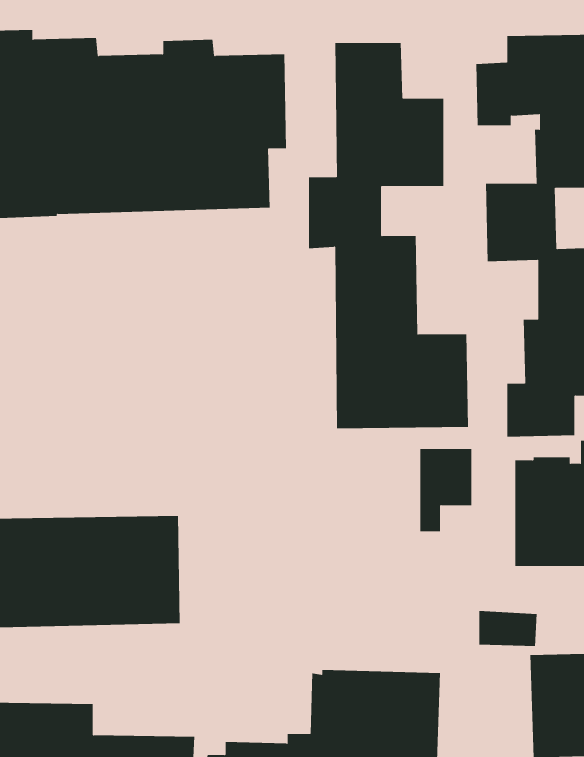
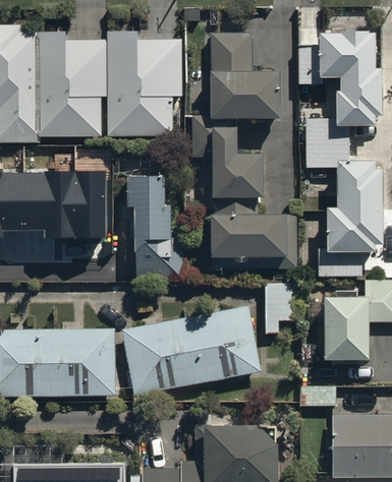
building: none -> [10,149,108,269]
building: none -> [127,173,183,283]
building: none -> [120,305,264,398]

